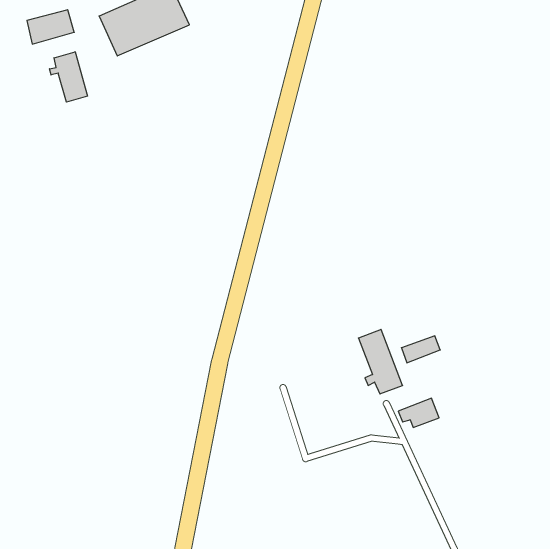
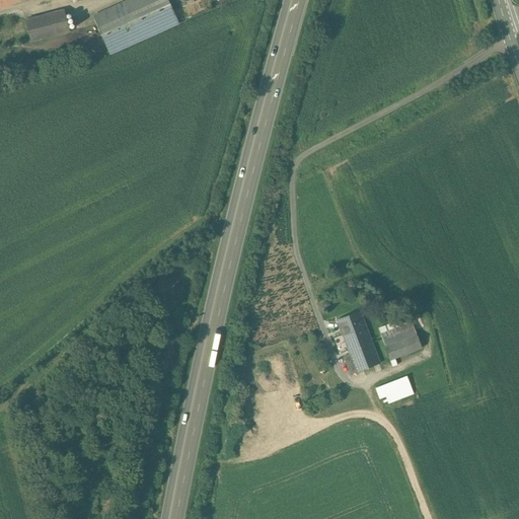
building: [50,52,88,102] -> none
building: none -> [383,329,422,359]

